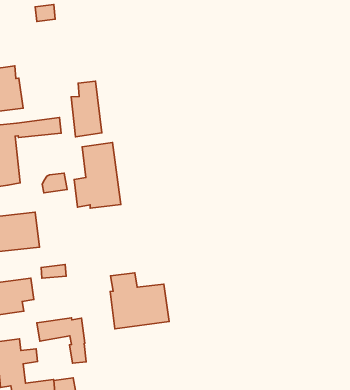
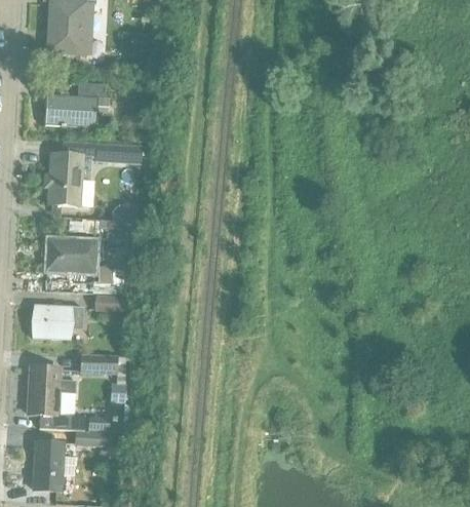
building: [71,81,102,137] -> none
building: [74,142,121,208] -> none
building: [110,273,169,329] -> none

